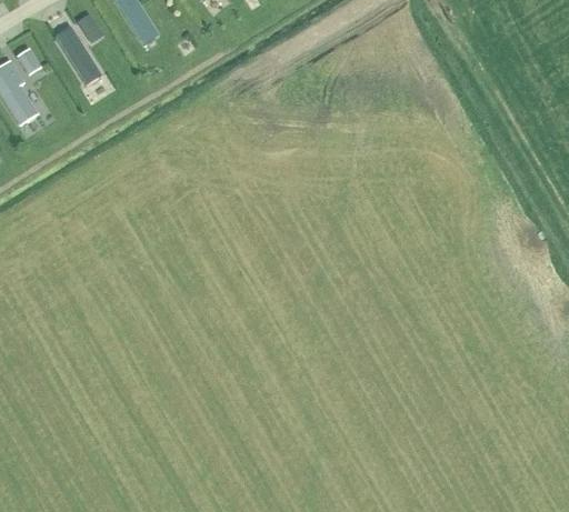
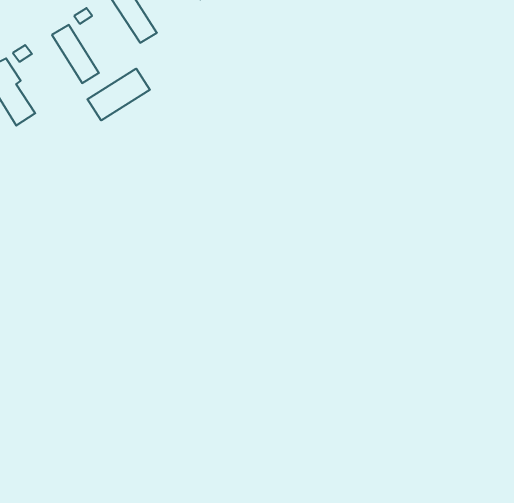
building: none -> [87,69,150,120]

